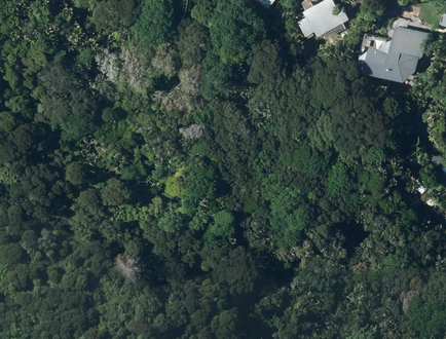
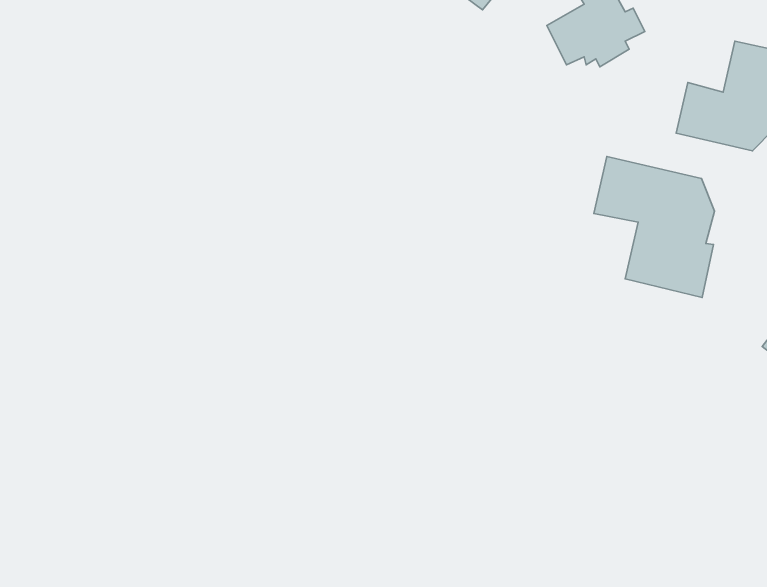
building: none -> [594,157,714,298]

